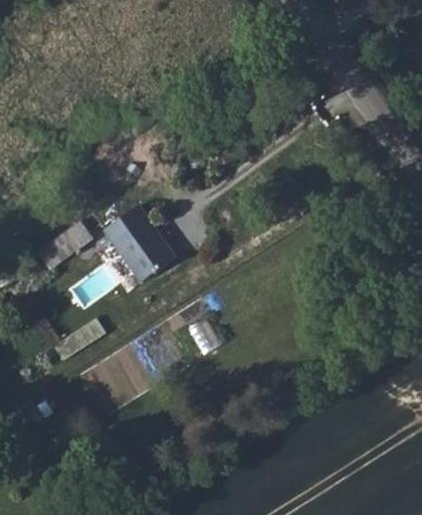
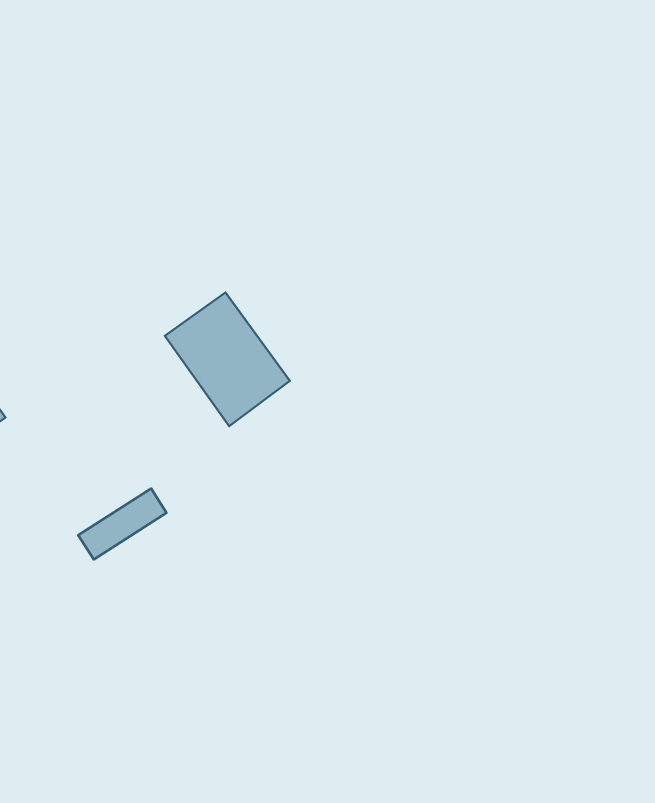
building: [36,221,91,270] -> none

